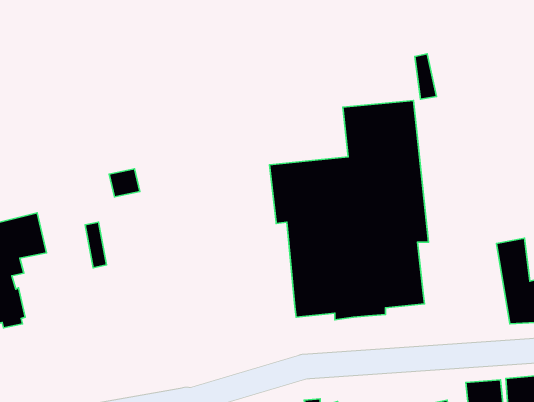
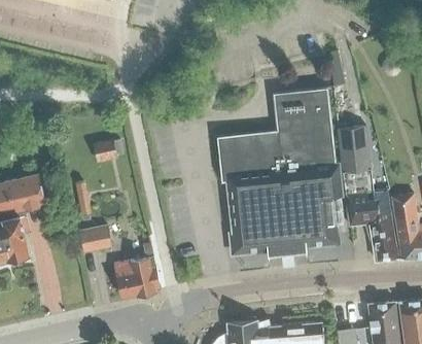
building: none -> [337,125,398,261]
building: none -> [78,225,112,251]
building: none -> [114,242,160,298]

